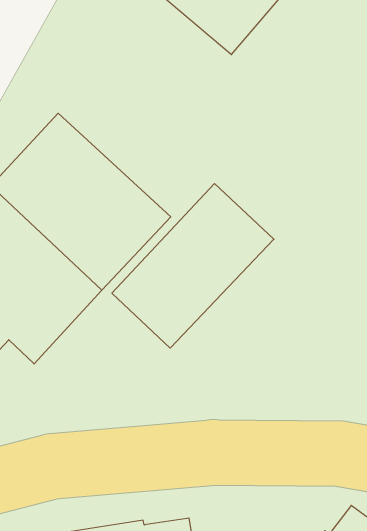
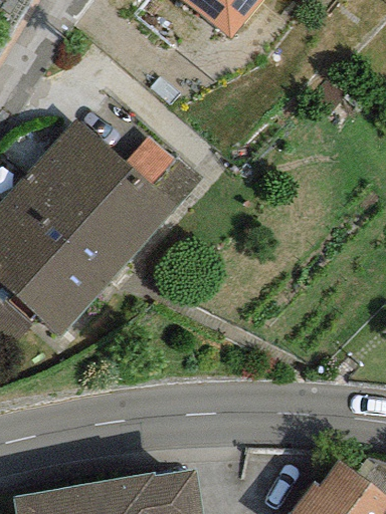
building: [112,184,274,348] -> none

